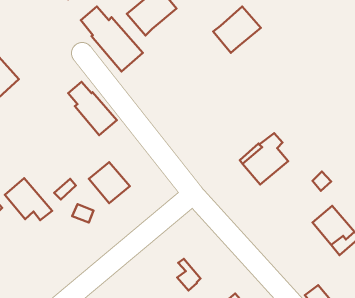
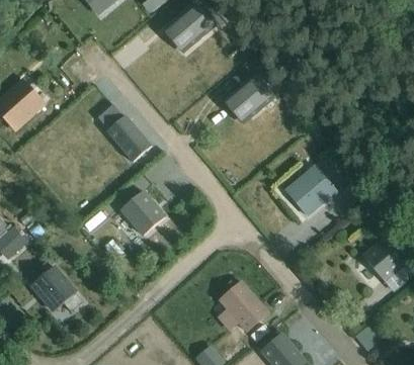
building: [213,6,261,53] -> [223,74,274,124]
building: [81,7,143,71] -> none
building: [5,178,52,220] -> [31,267,83,312]
building: none -> [224,282,267,331]

